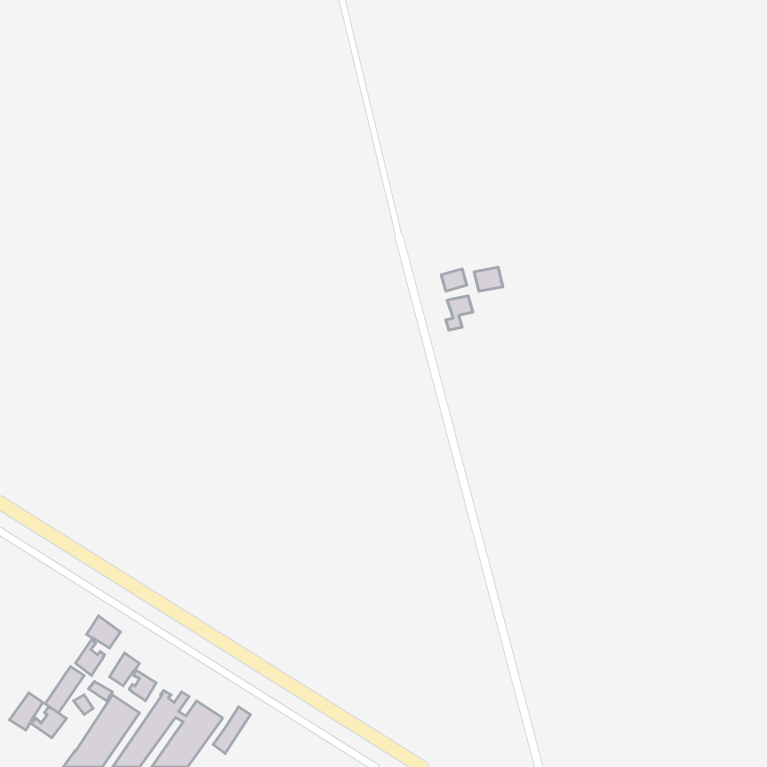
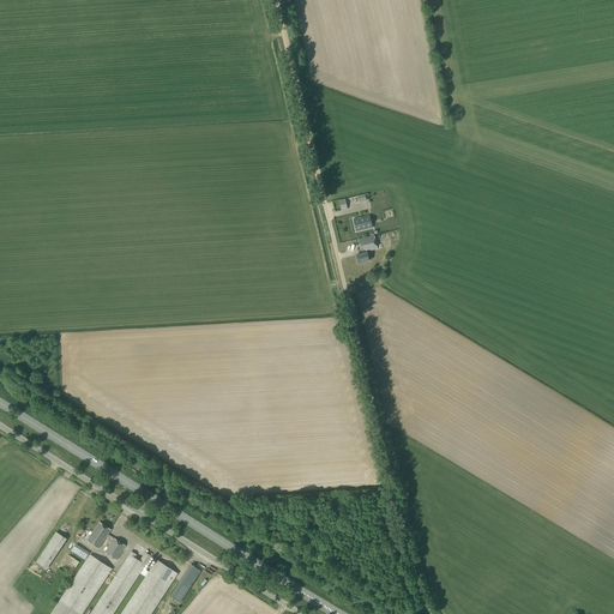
building: [75,616,121,675] -> none
building: [10,693,66,738] -> none

